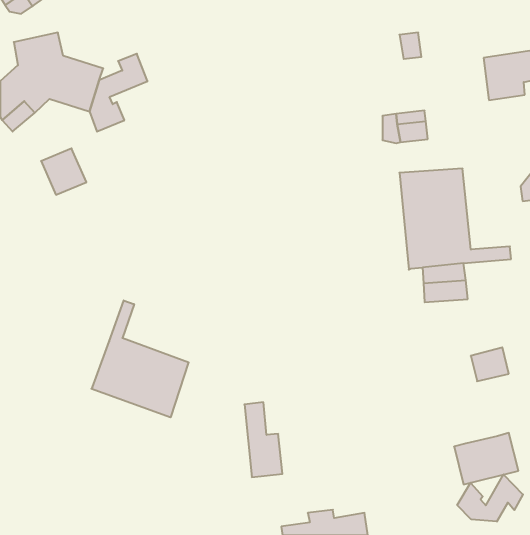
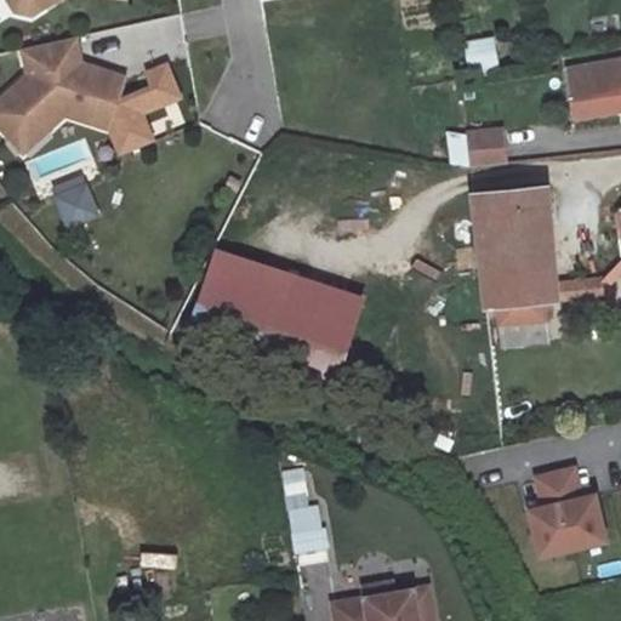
building: none -> [194,246,363,371]
building: [91,300,189,417] -> none
building: [471,347,509,381] -> [539,472,582,511]
building: [457,474,523,522] -> none

